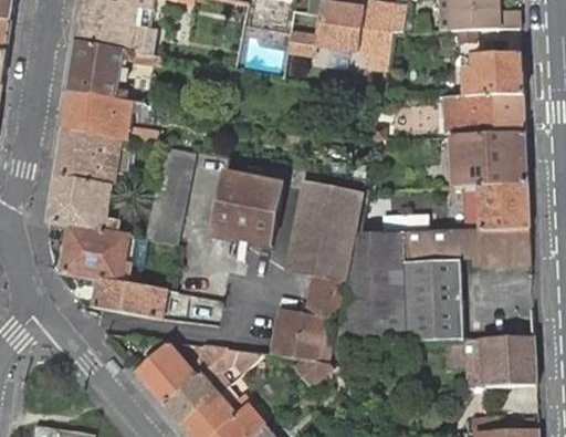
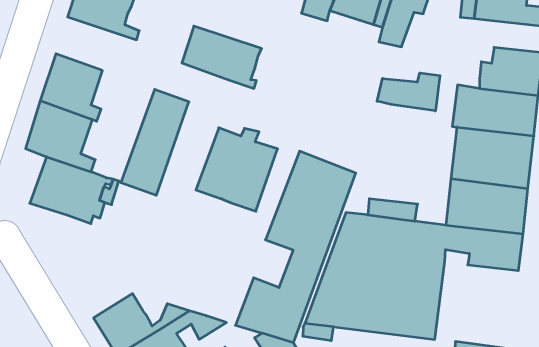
building: none -> [377,73,440,111]
building: [61,90,134,139] -> [182,26,262,88]
building: [91,277,166,316] -> none

